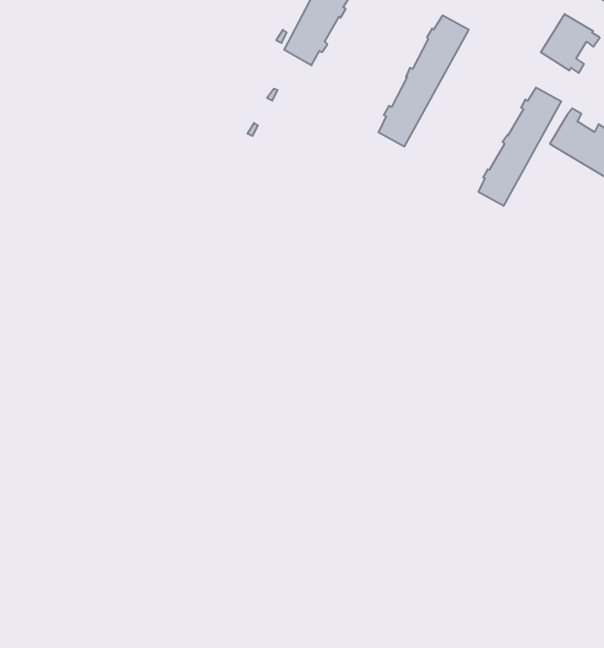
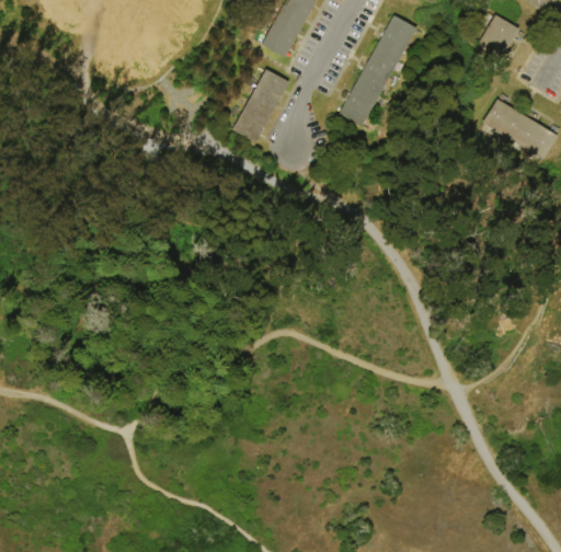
building: none -> [231,70,289,145]
building: [479,87,561,206] -> none

